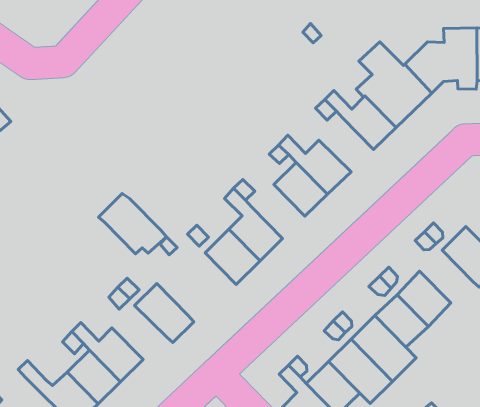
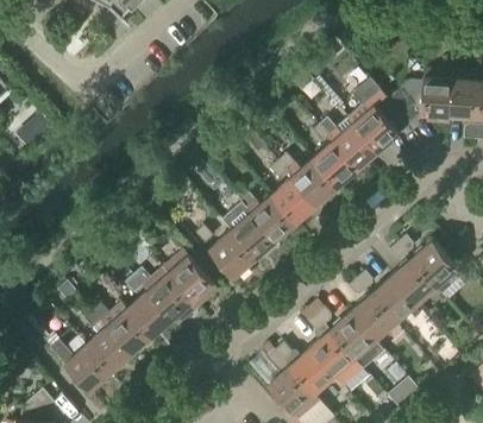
building: none -> [312,143,358,189]
building: none -> [251,196,296,242]
building: [99,193,167,254] -> [162,251,219,303]
building: none -> [391,260,437,305]
building: none -> [126,292,172,339]

